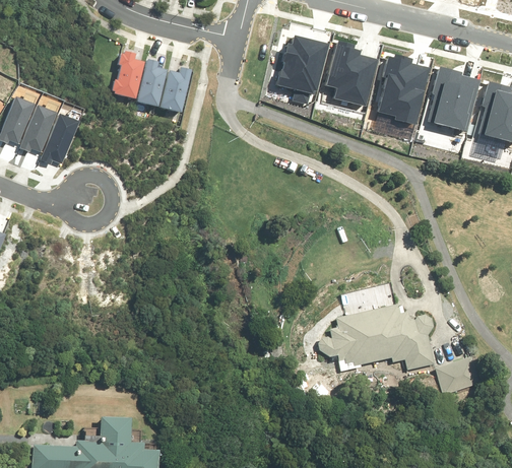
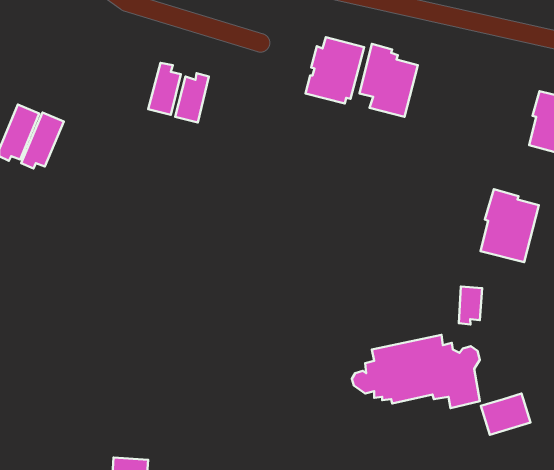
building: [111,49,140,96] -> none
building: [379,52,430,124] -> none
building: [427,66,479,132] -> [480,189,539,262]
building: [38,114,76,164] -> none
building: none -> [459,287,482,325]

